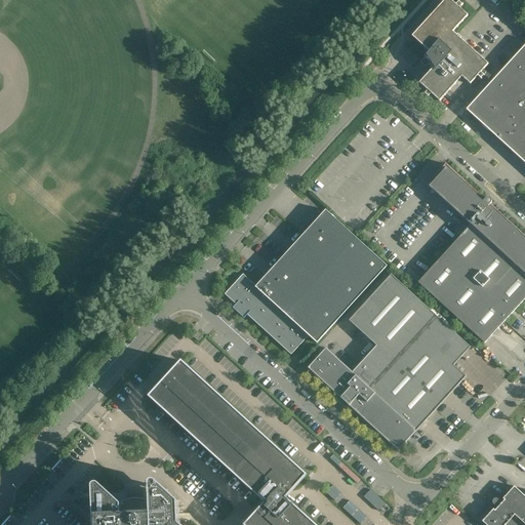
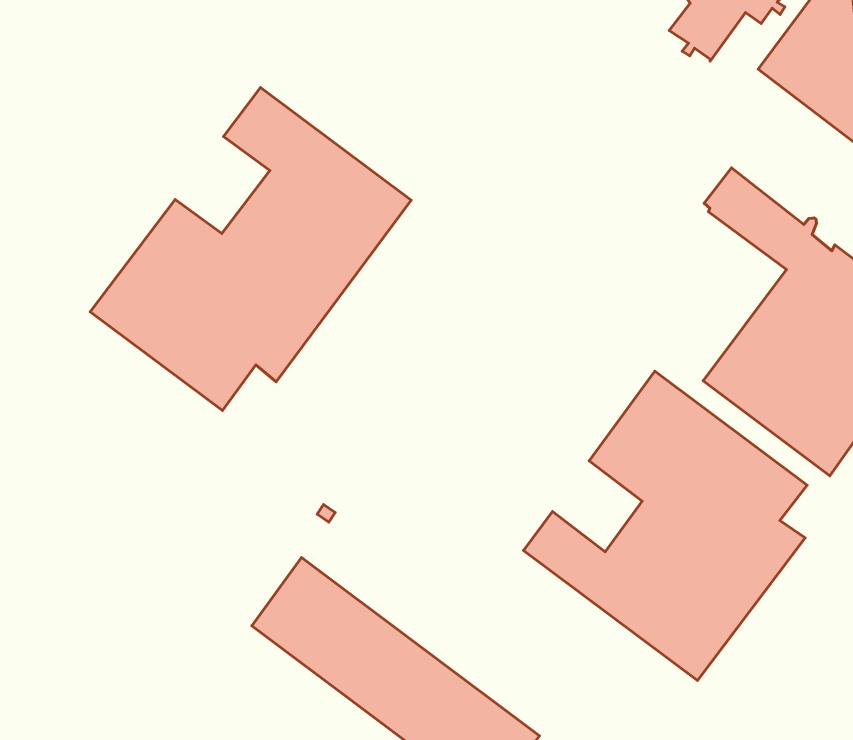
building: none -> [90,87,411,411]
building: [224,209,386,354] -> none

